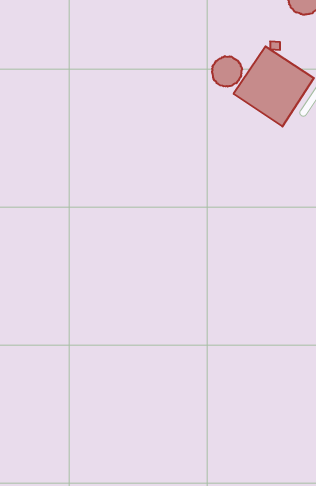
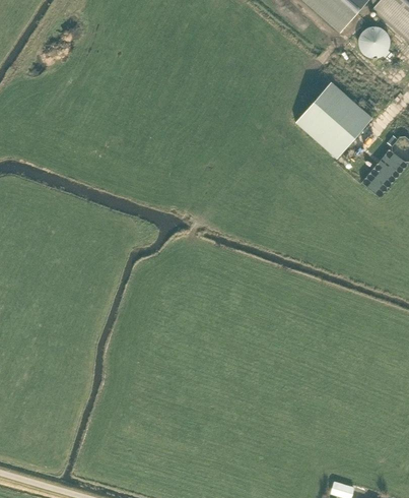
building: [212,56,242,87] -> none

